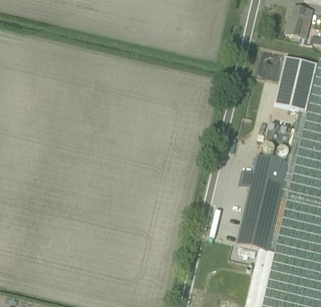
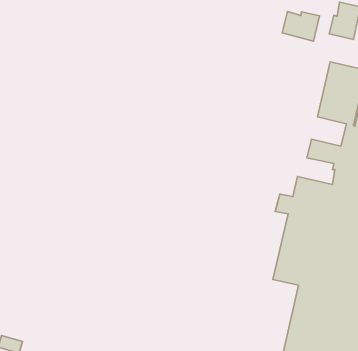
building: none -> [282,11,320,41]

